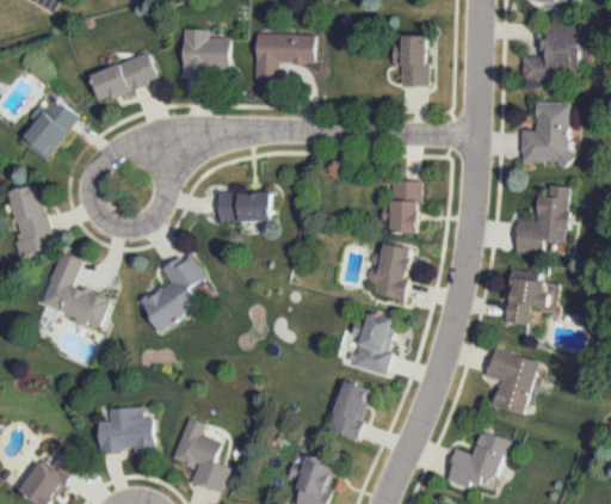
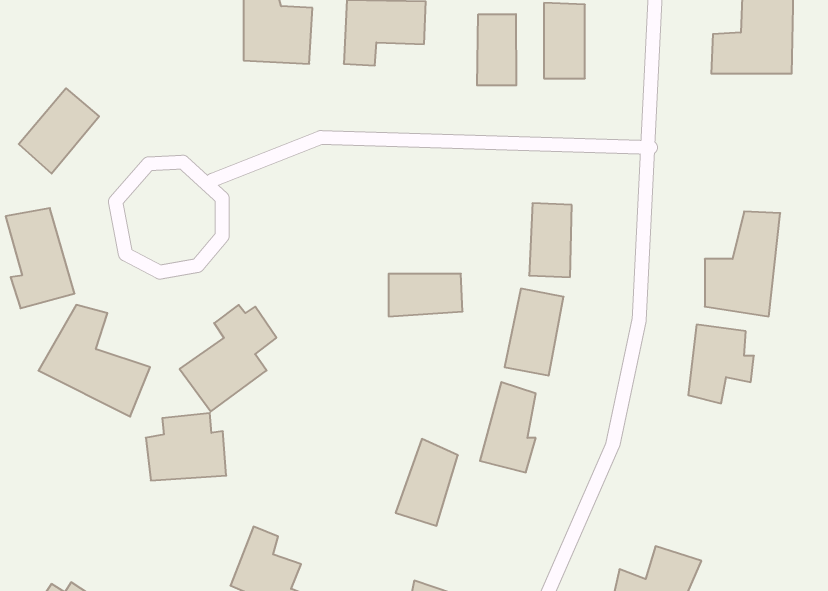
building: none -> [477,14,516,85]
building: [88,51,159,99] -> none
building: [519,99,575,167] -> none
building: [217,191,271,222] -> [389,274,463,316]
building: [483,345,543,417] -> none
building: [326,375,371,438] -> [396,439,458,526]
building: [95,402,154,451] -> [146,413,226,480]

